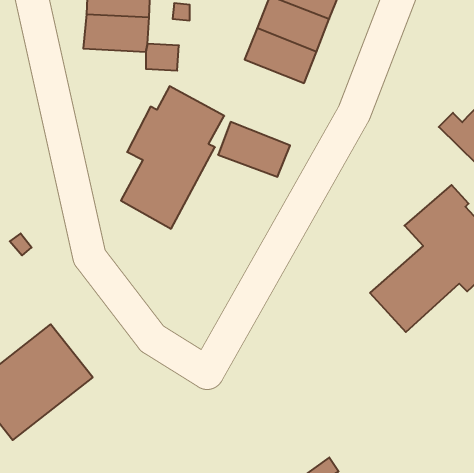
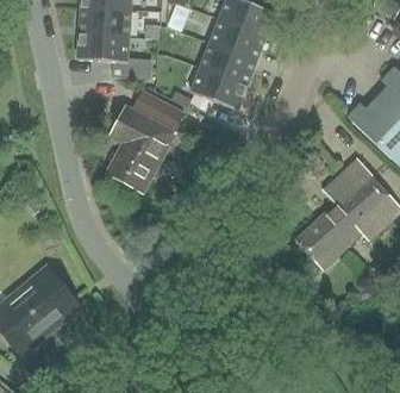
building: [218,122,290,177] -> [189,66,244,107]

